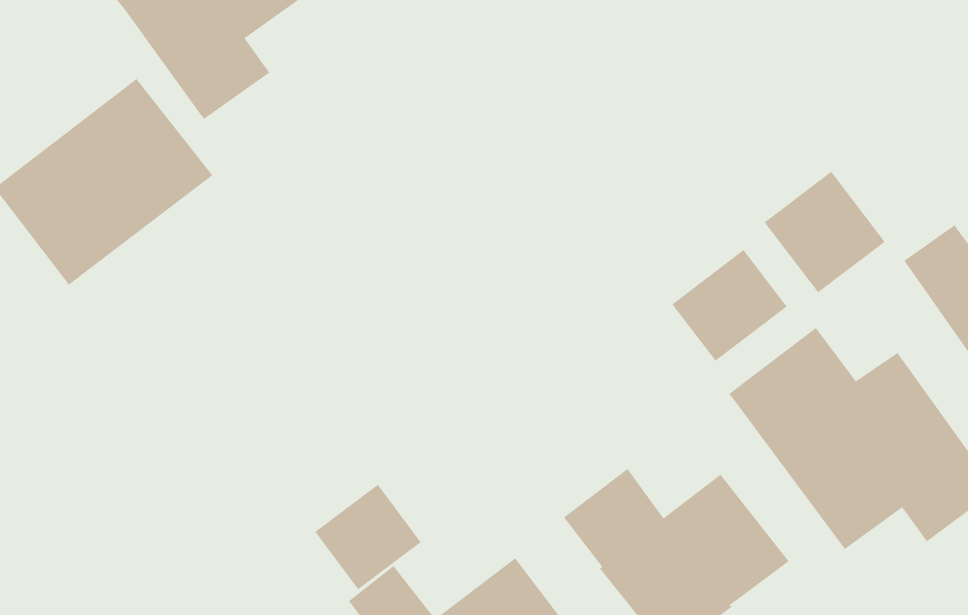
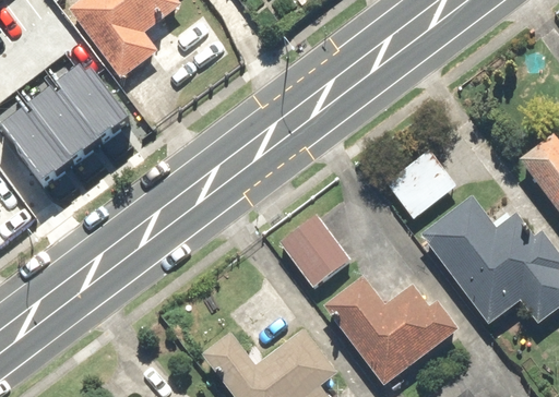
building: [764,171,885,293] -> none
building: none -> [277,210,350,285]
building: [314,484,422,590] -> none

